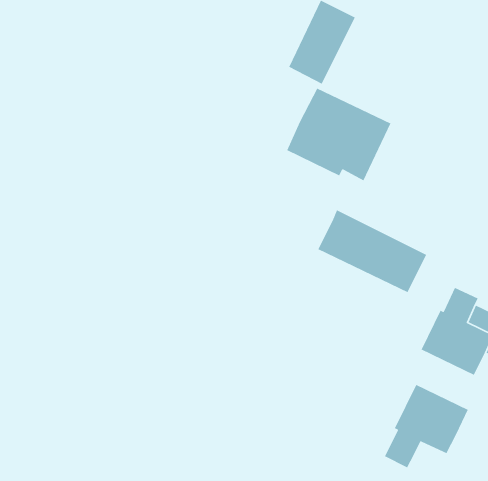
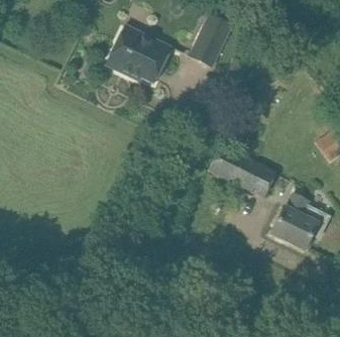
building: [286,88,391,181] -> [105,25,171,84]
building: [384,384,469,469] -> none

